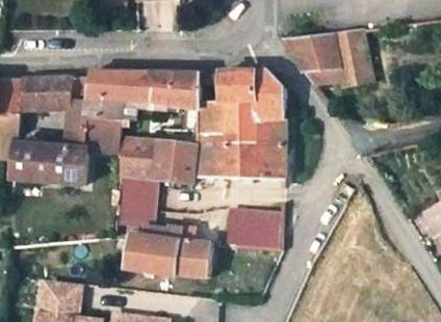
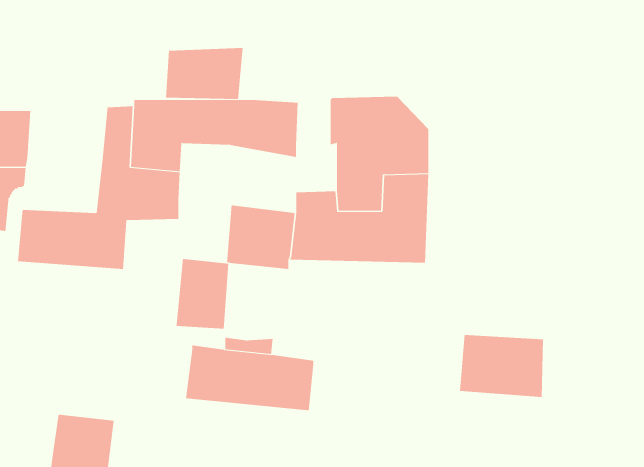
building: [283,28,370,98] -> none
building: [22,76,74,110] -> [165,48,244,99]
building: [199,100,226,132] -> none
building: [121,137,156,179] -> none
building: [228,209,284,250] -> [459,335,544,398]

